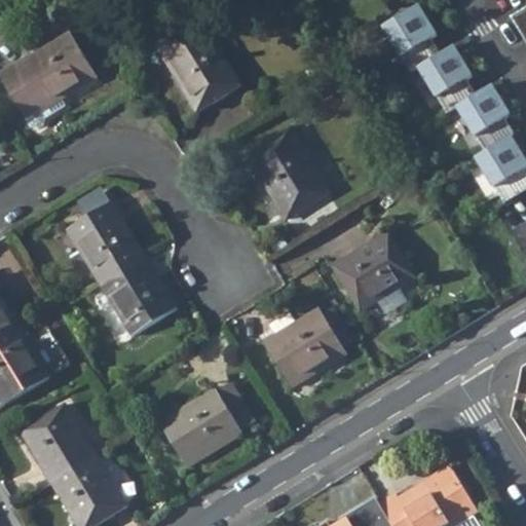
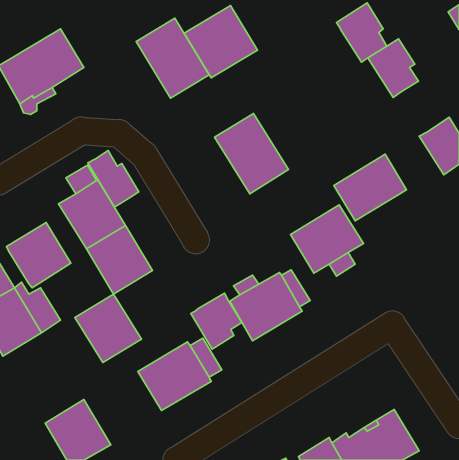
building: none -> [184,5,258,78]
building: [458,82,515,150] -> none
building: none -> [88,151,139,207]
building: none -> [334,154,406,221]
building: none -> [7,222,71,288]
building: none -> [191,293,242,349]
building: [20,404,96,482] -> [75,294,142,363]

